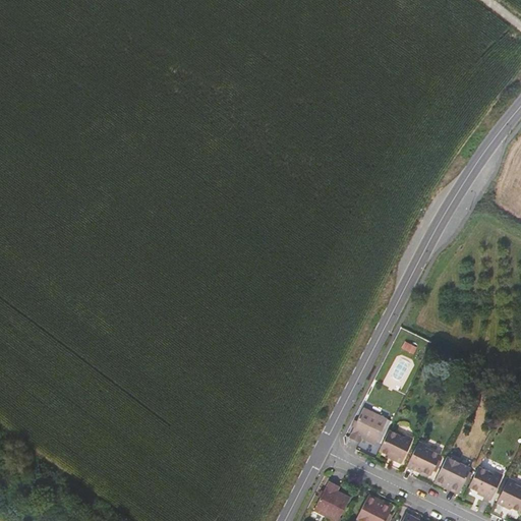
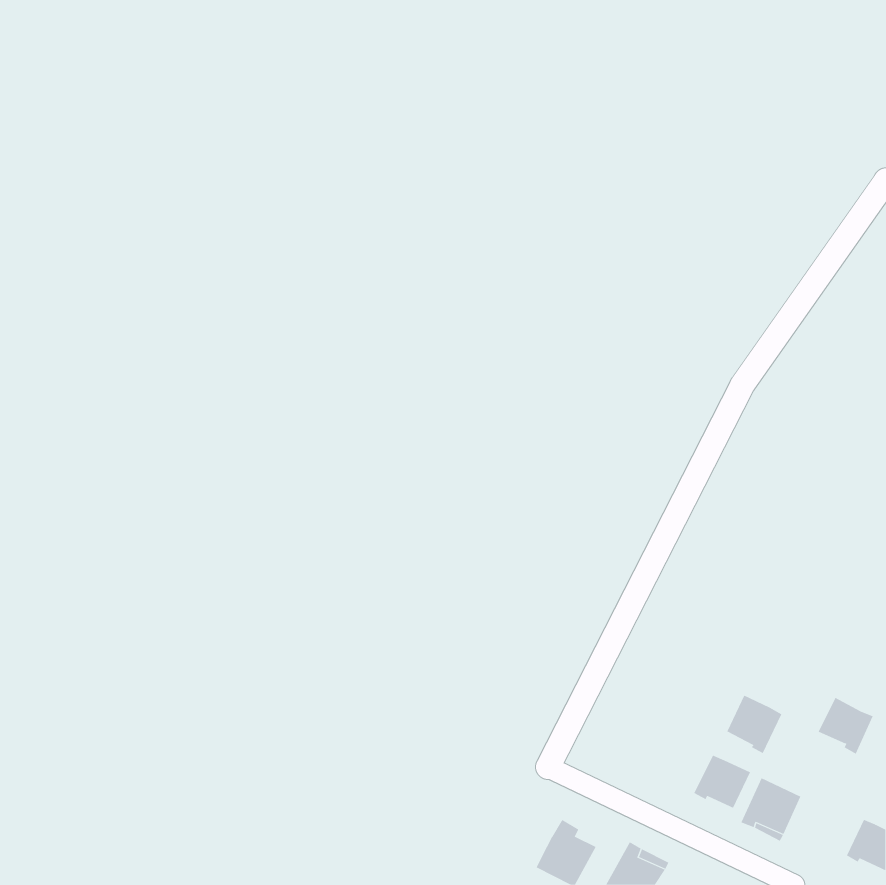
building: [349,407,387,443] -> none
building: [380,428,412,463] -> [727,695,782,754]
building: [468,466,501,500] -> [818,697,873,754]

